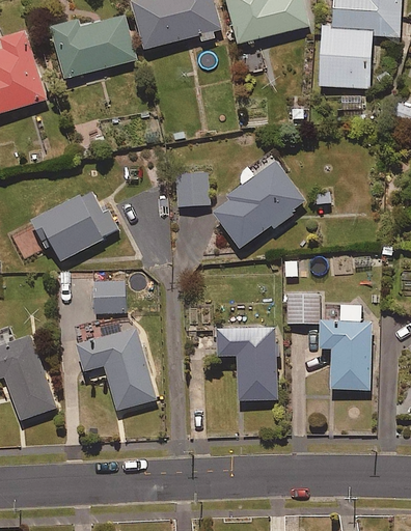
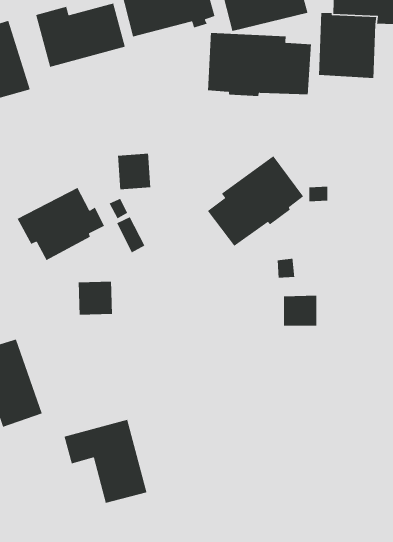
building: none -> [207,32,312,97]
building: [175,172,208,207] -> [117,153,151,190]
building: [319,304,371,390] -> none
building: [218,328,279,400] -> none
building: [76,329,156,410] -> [63,419,148,504]

